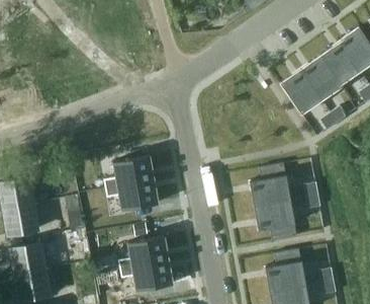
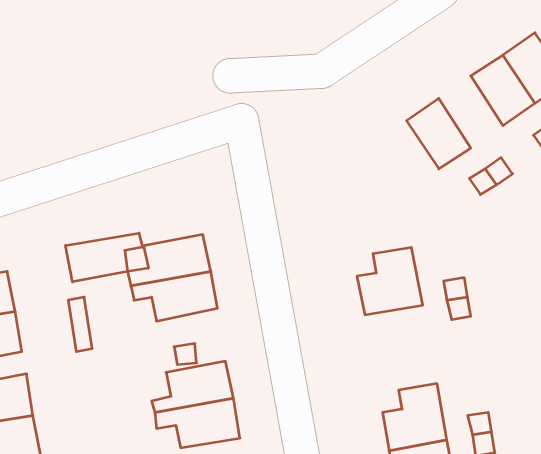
building: [300,55,341,100] -> none
building: none -> [66,233,143,282]
building: [254,200,296,240] -> none

